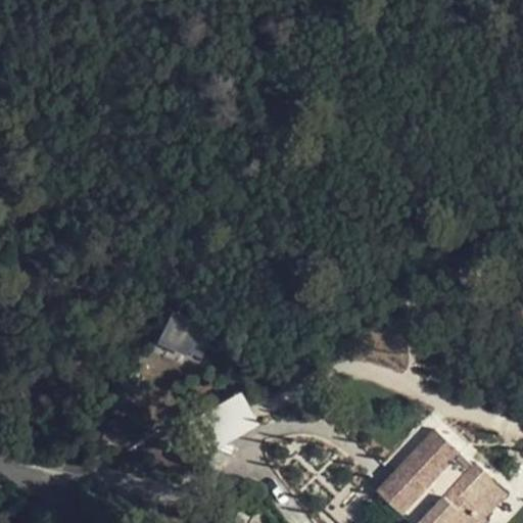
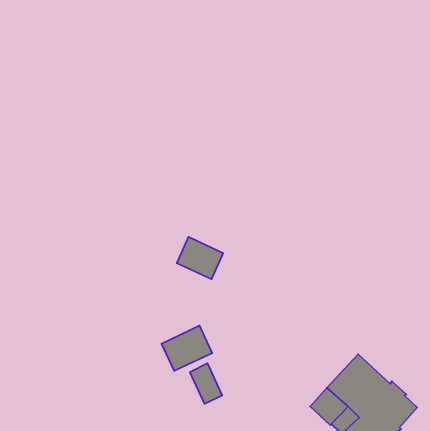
building: [156,312,212,363] -> [177,237,223,279]
building: none -> [190,363,222,404]

